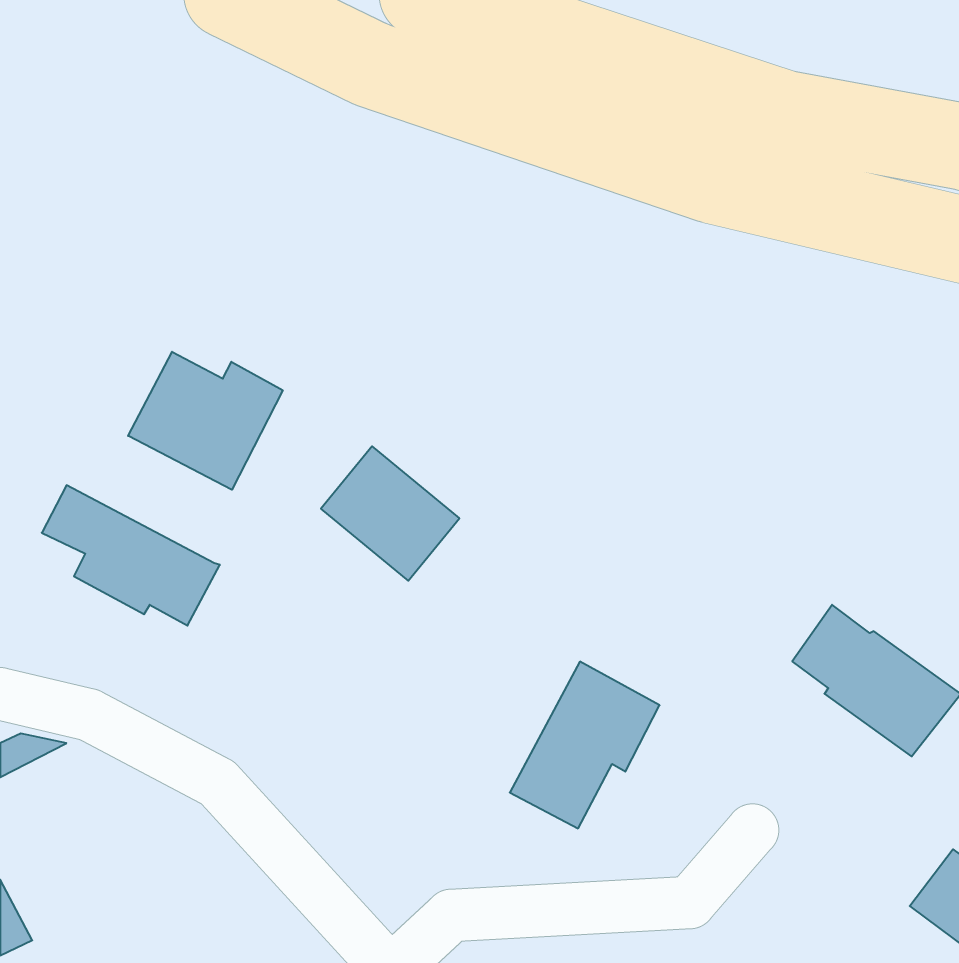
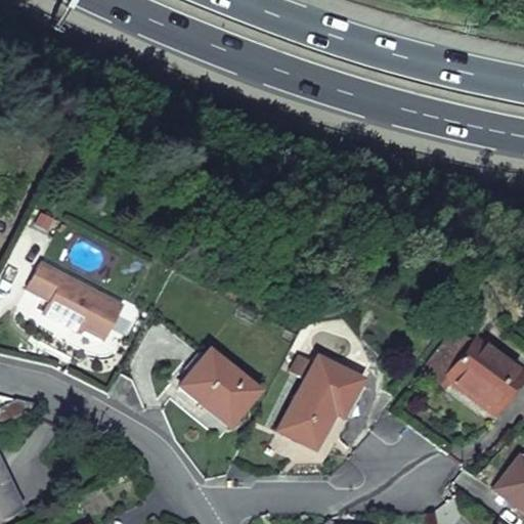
building: [128,352,283,490] -> none
building: [321,446,459,581] -> [182,351,257,424]

